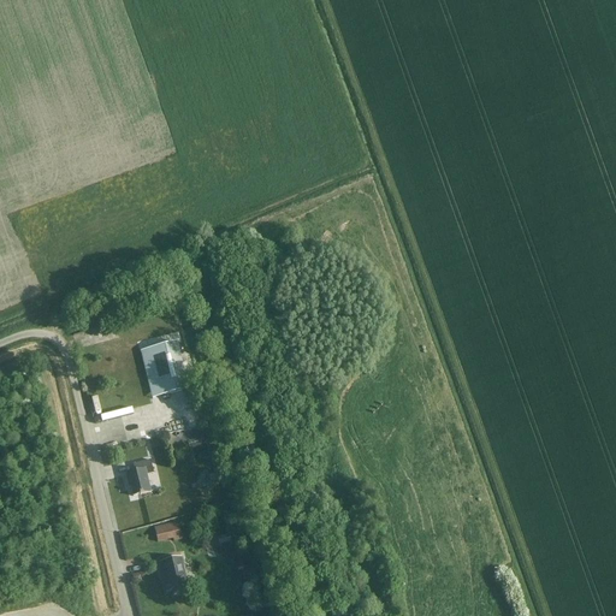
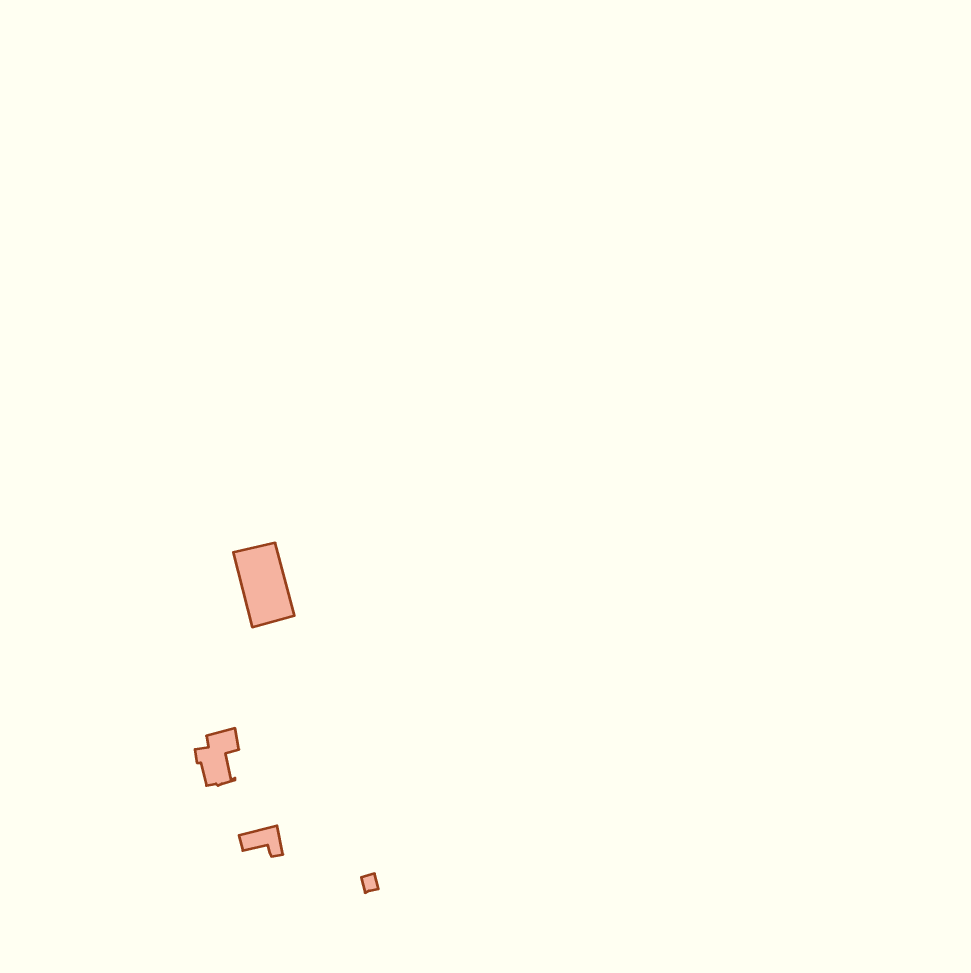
building: [155,555,185,593] -> none

